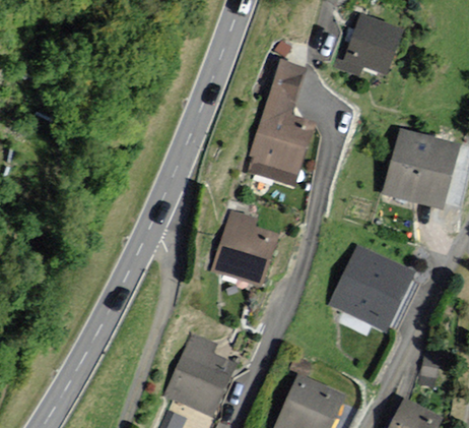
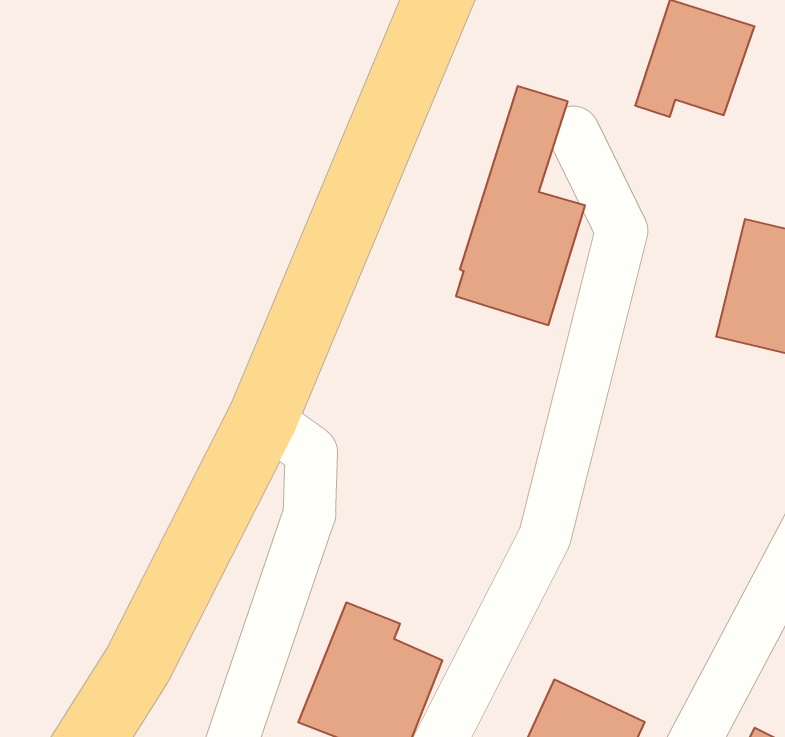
building: [209,209,277,285] -> none
building: [329,246,414,331] -> none

